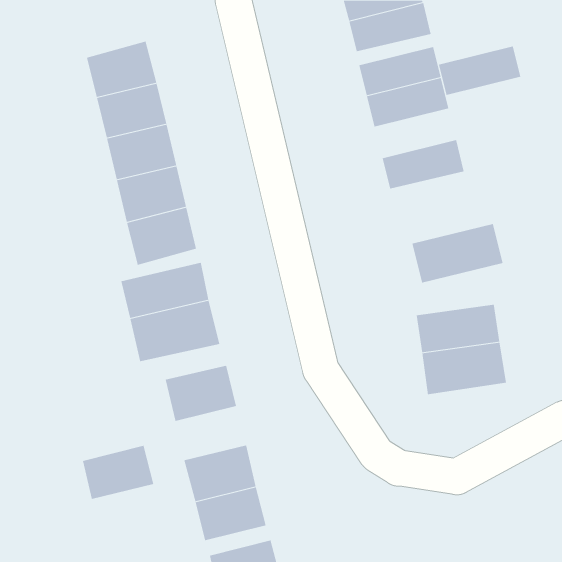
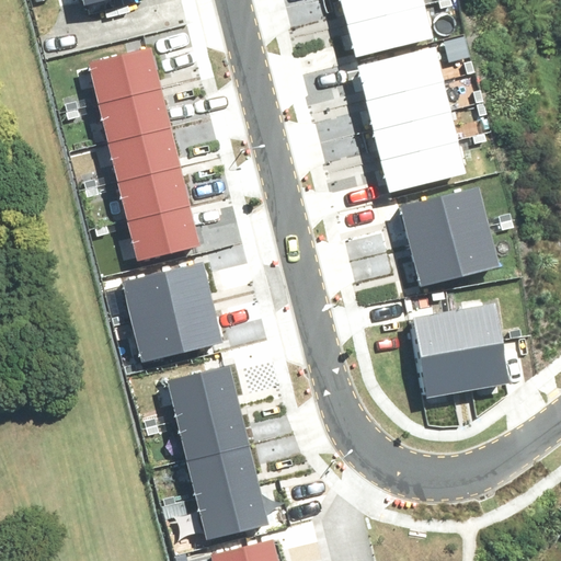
building: [438,46,521,96] -> [374,111,456,160]
building: none -> [403,187,492,244]
building: [82,445,154,500] -> [176,405,248,459]

